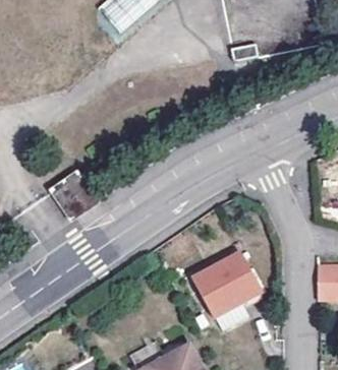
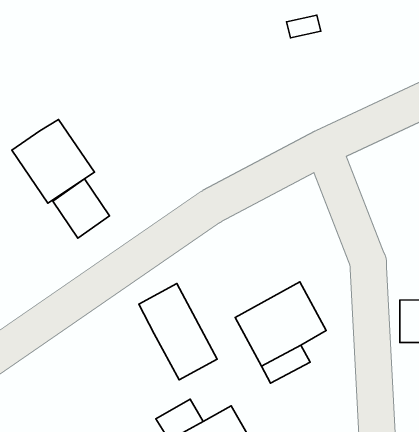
building: none -> [12,119,94,203]
building: none -> [139,284,217,380]

